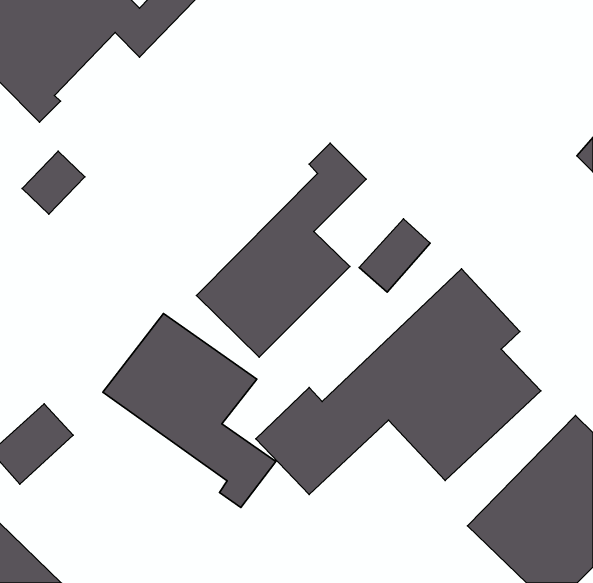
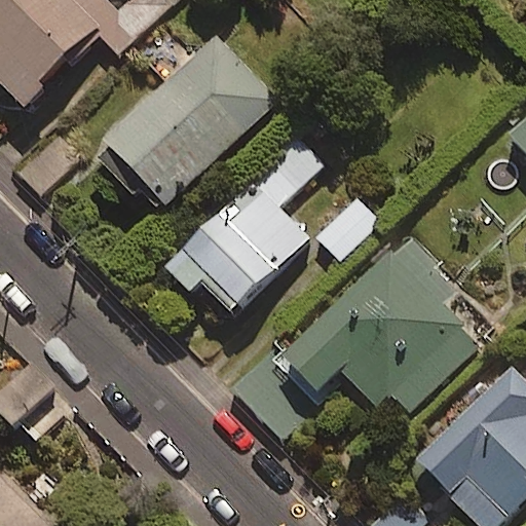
building: none -> [99,38,275,212]
building: [103,314,276,507] -> none

